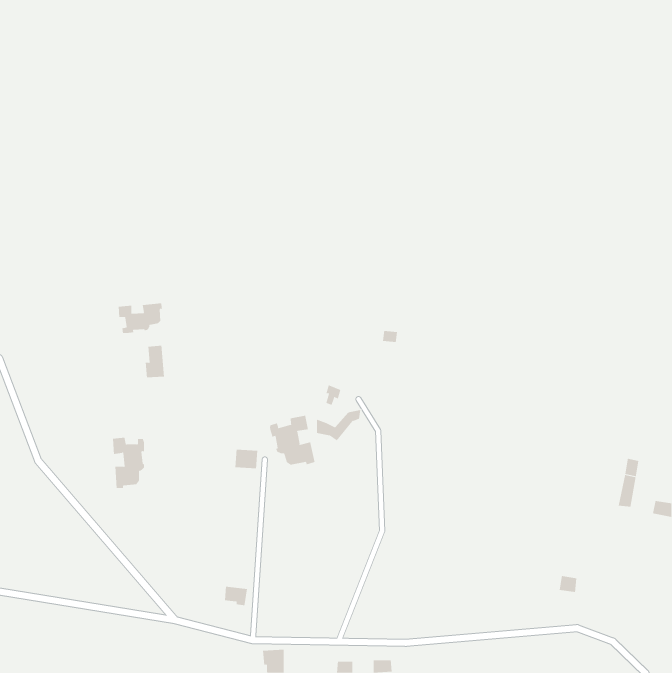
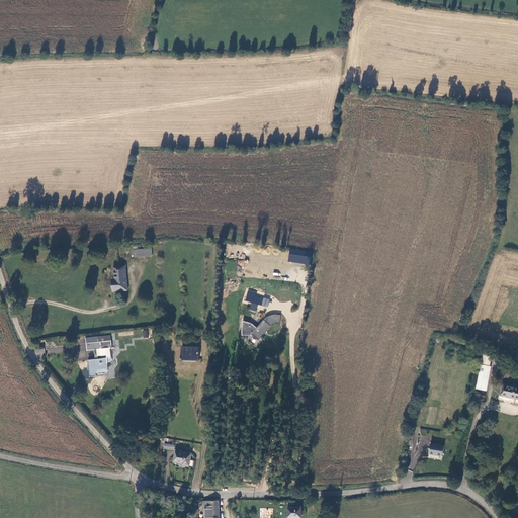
building: [118,302,162,334] -> none
building: [270,415,315,466] -> none

